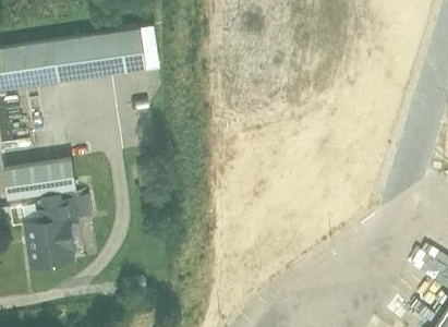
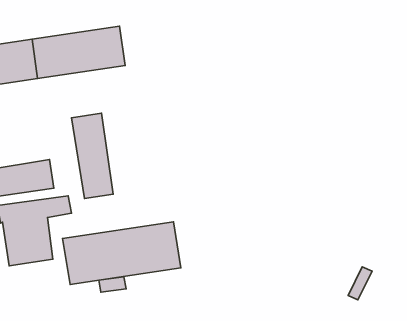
building: none -> [71,113,113,199]
building: none -> [63,222,181,284]

